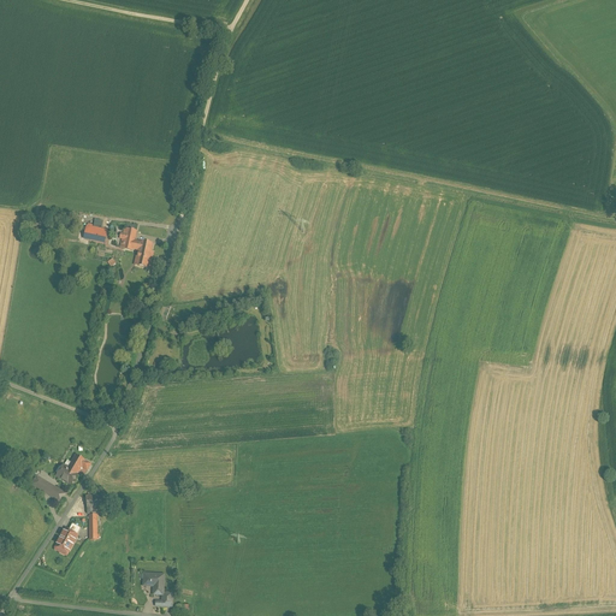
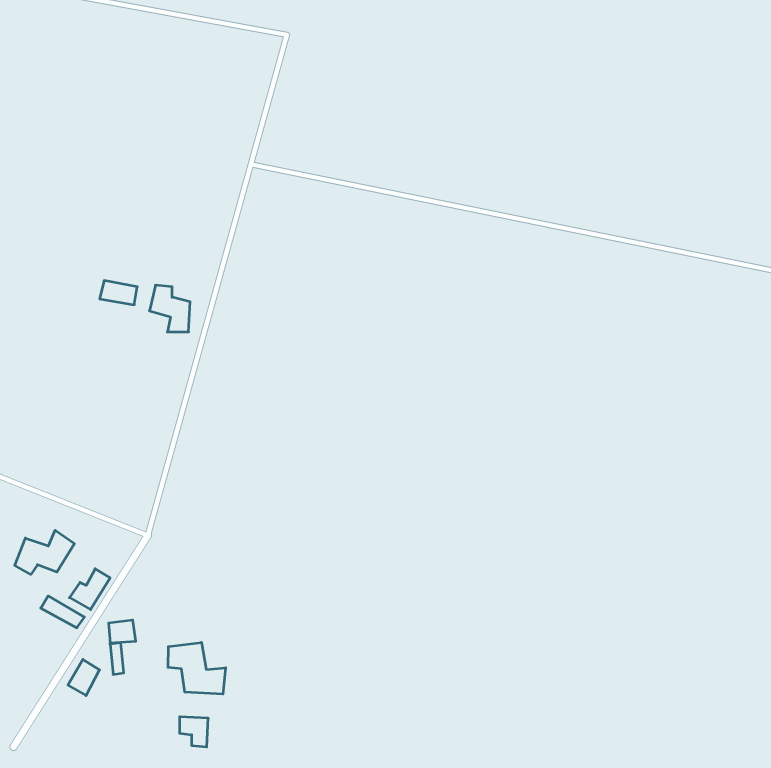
building: none -> [15,530,74,574]
building: none -> [168,642,226,694]

